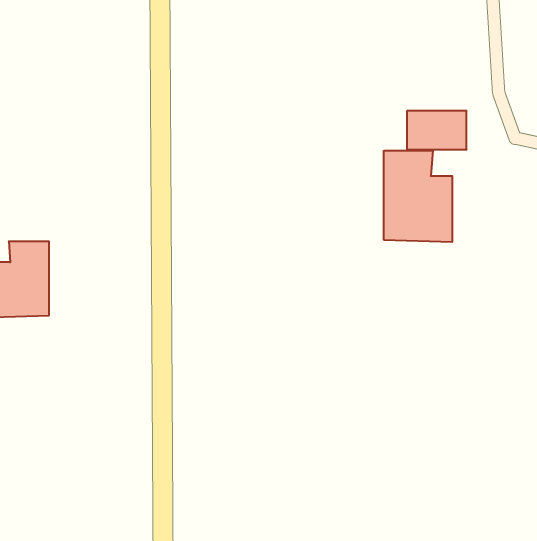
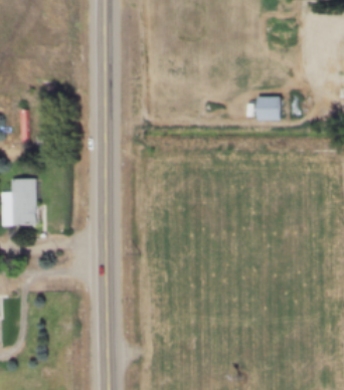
building: [384,151,452,242] -> none

